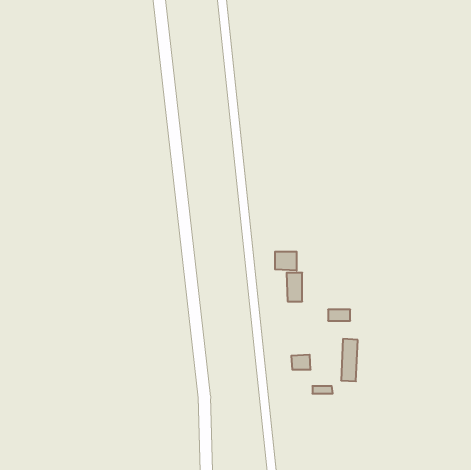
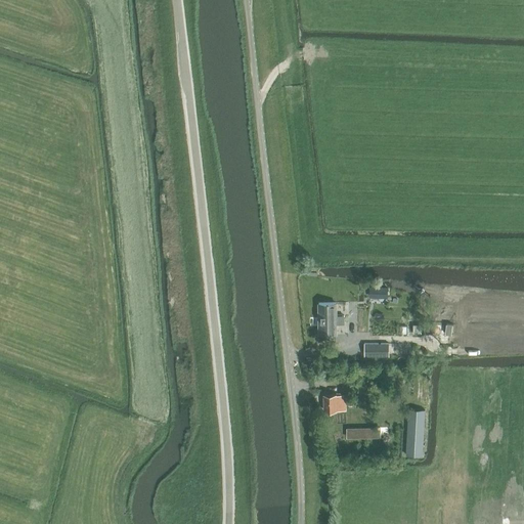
building: [275,252,297,271] -> none
building: [341,339,358,381] -> [406,410,425,457]

